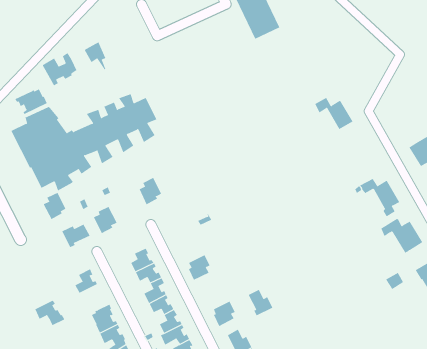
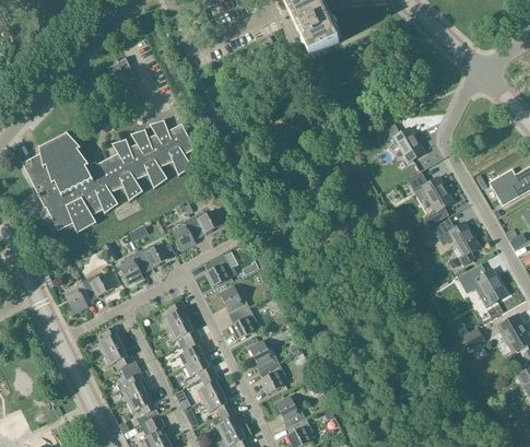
building: [42,52,77,86] -> none
building: [15,88,47,115] -> none
building: none -> [405,170,452,227]
building: none -> [189,209,222,237]
building: [43,192,66,220] -> [63,281,91,314]
building: none -> [137,243,169,271]
building: none -> [204,255,236,286]
building: none -> [220,286,249,318]
building: [248,289,273,316] -> [249,341,279,373]
building: [35,300,65,326] -> [102,343,138,374]

